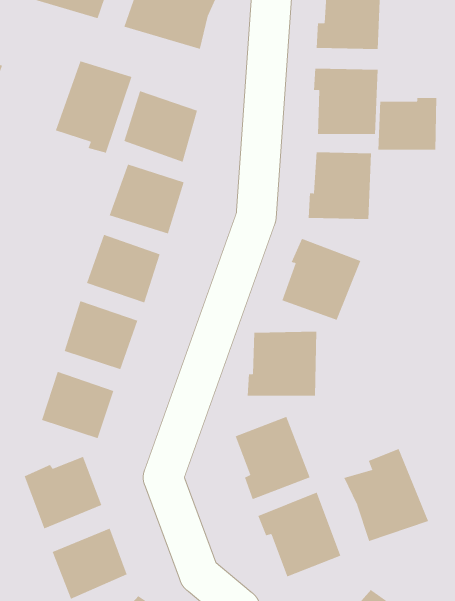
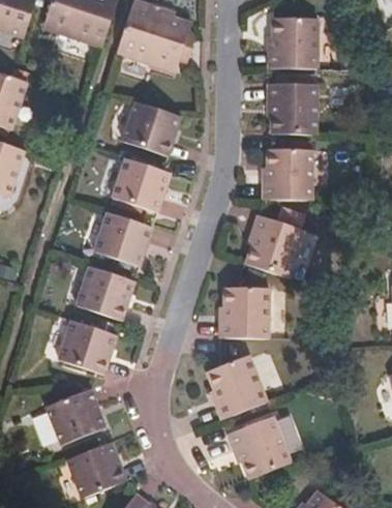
building: [55,61,132,154] -> none
building: [378,97,437,151] -> none
building: [344,448,429,542] -> none

